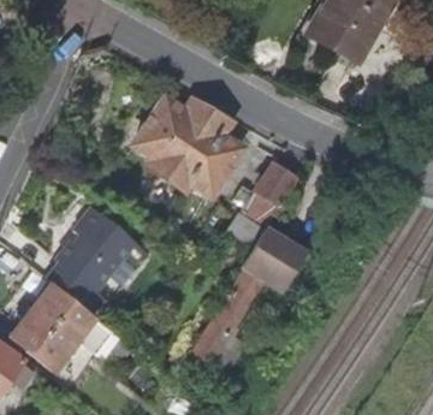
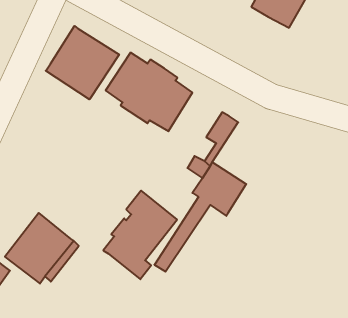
building: none -> [46,26,119,99]
building: [48,211,137,318] -> [103,191,177,279]

